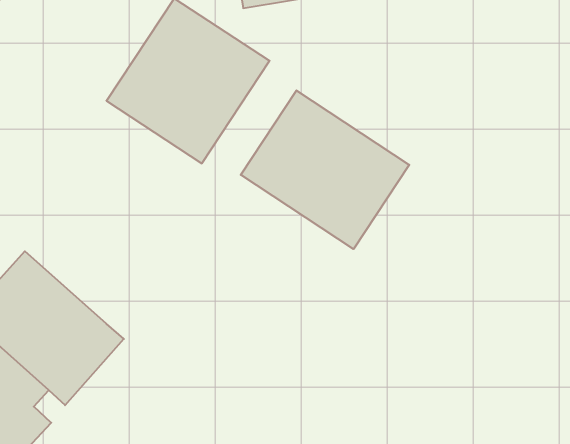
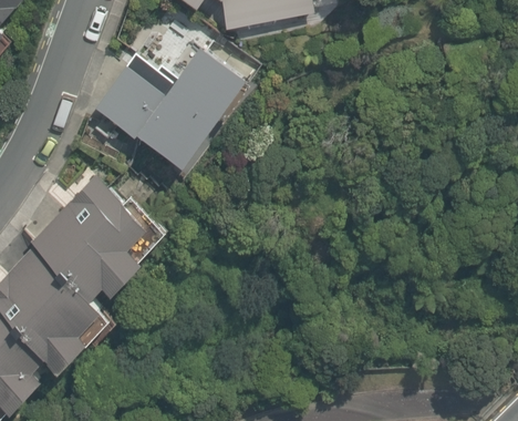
building: [241,90,409,249] -> none
building: none -> [29,173,163,308]

